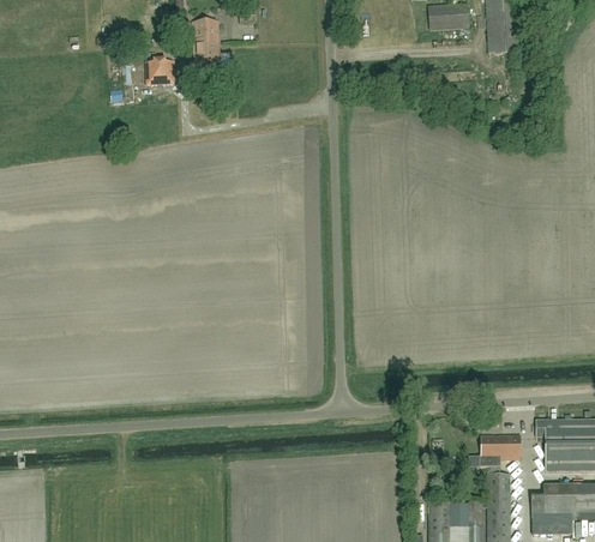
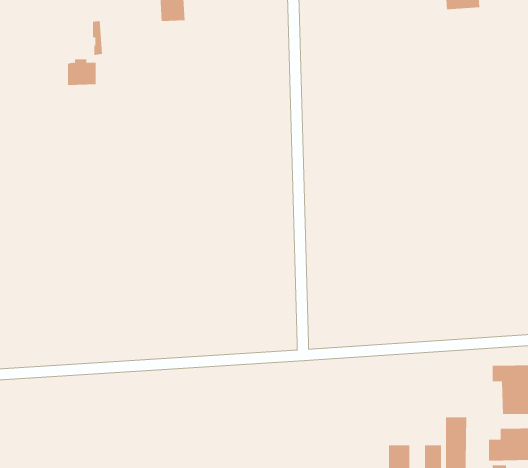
building: [145,56,175,84] -> [67,59,96,86]
building: [479,434,521,465] -> none

